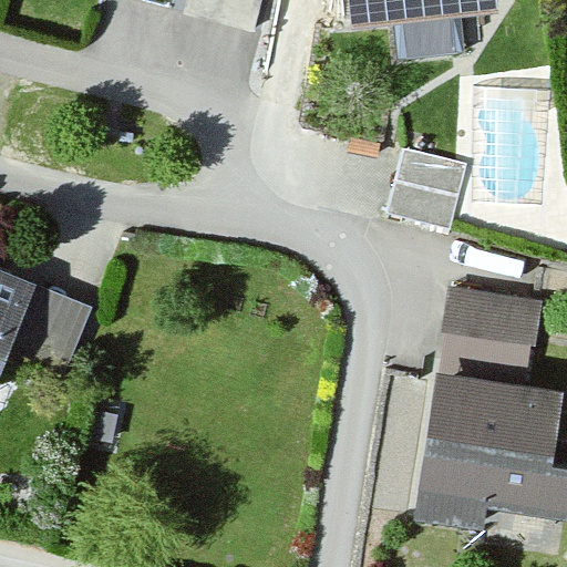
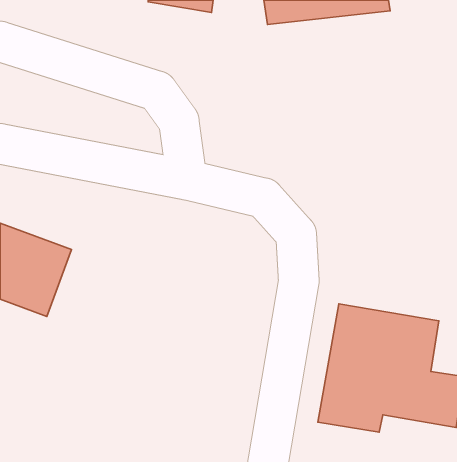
building: [393,136,467,212] -> none
building: [443,271,546,360] -> none

